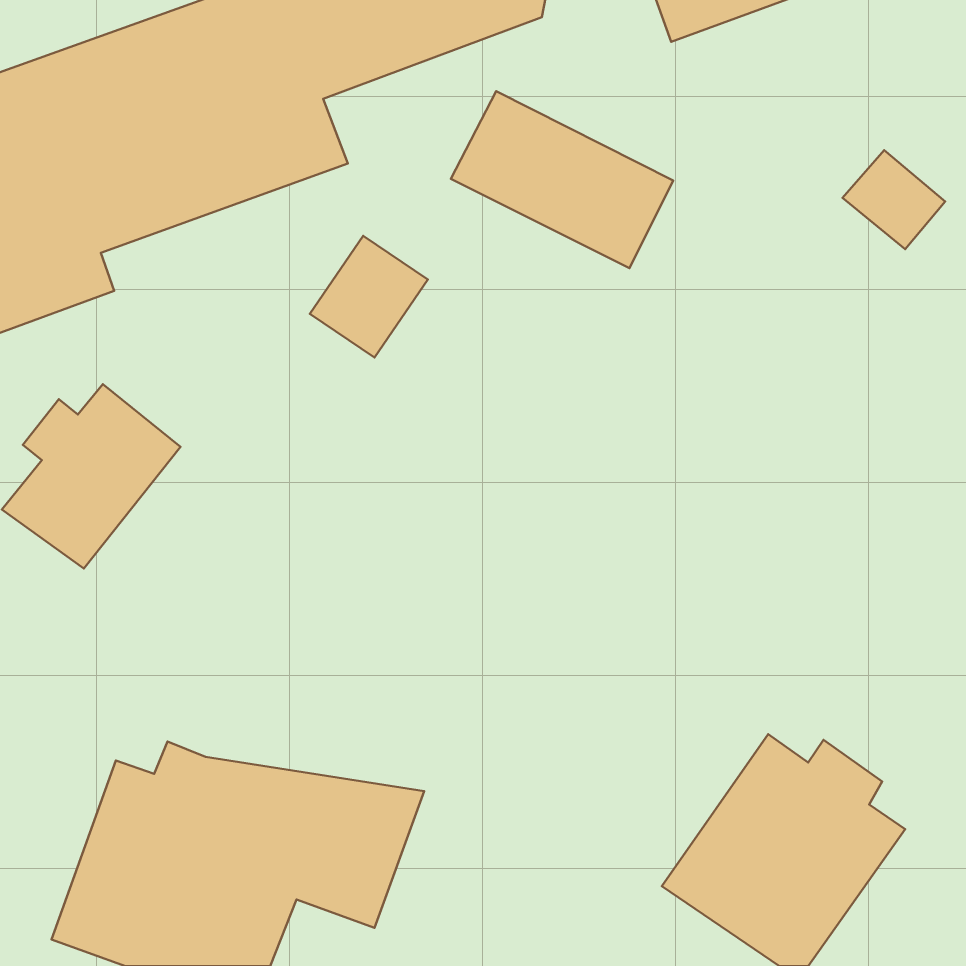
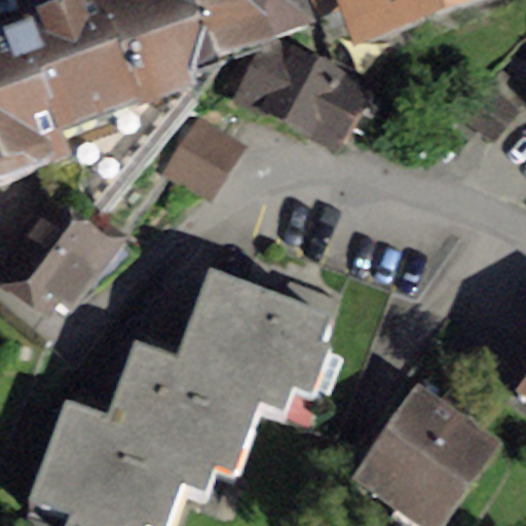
building: none -> [111,279,327,435]

